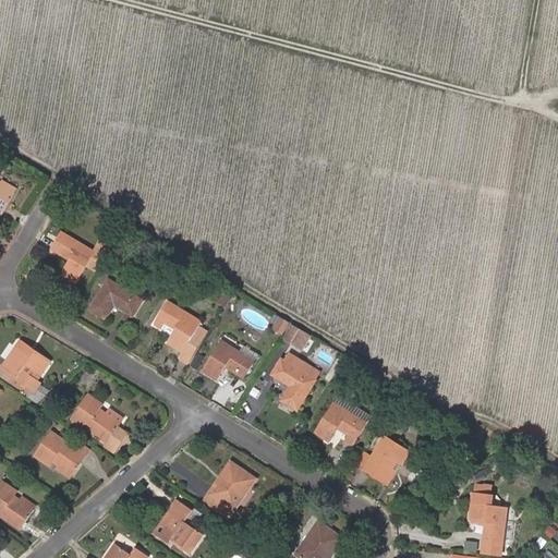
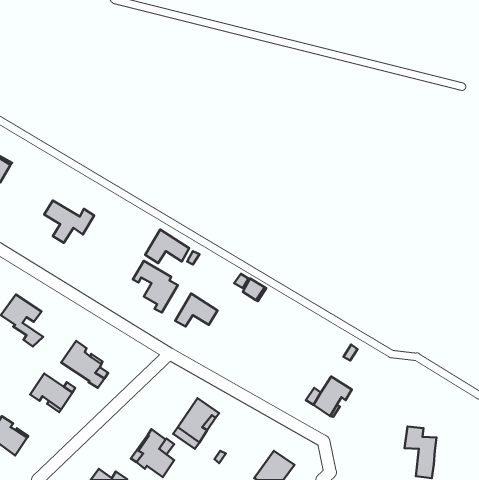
building: [89,279,141,318] -> [145,229,189,263]
building: [271,351,318,410] -> none
building: [314,402,364,444] -> none

